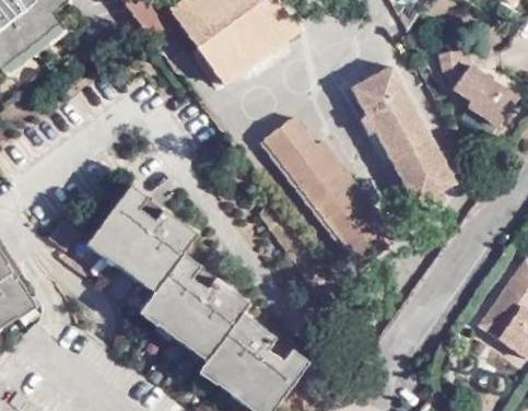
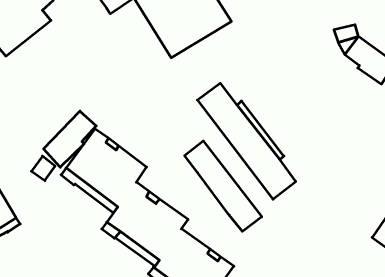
building: [347,71,450,208] -> none
building: none -> [44,111,96,167]
building: none -> [185,141,262,231]

